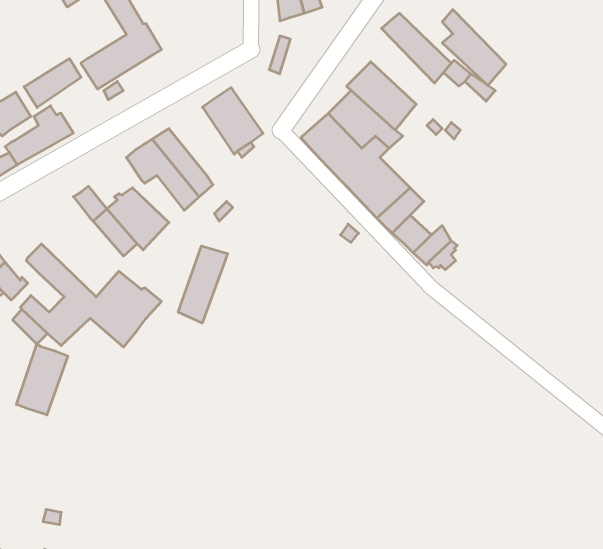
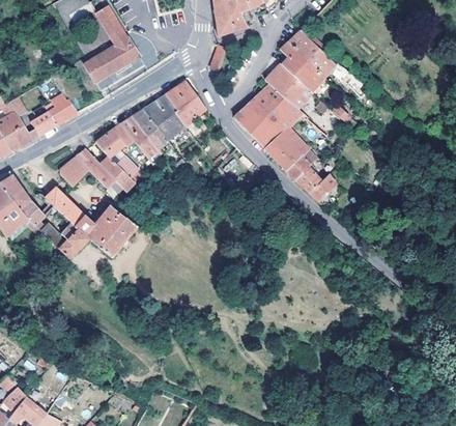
building: [442,10,506,85] -> [281,40,324,92]
building: [24,59,81,108] -> none
building: none -> [143,94,188,141]
building: none -> [96,129,124,155]
building: none -> [61,155,89,187]
building: [178,246,228,323] -> none
building: [16,344,68,415] -> none

